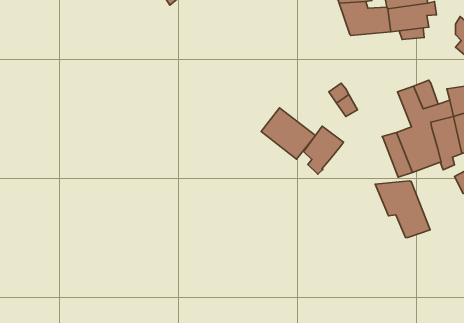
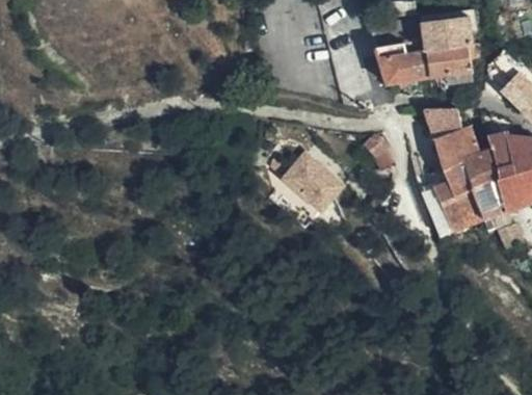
building: none -> [425,110,472,141]
building: [304,126,343,174] -> none
building: [375,181,430,238] -> none

